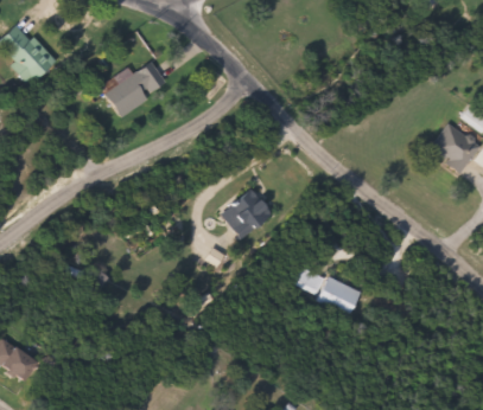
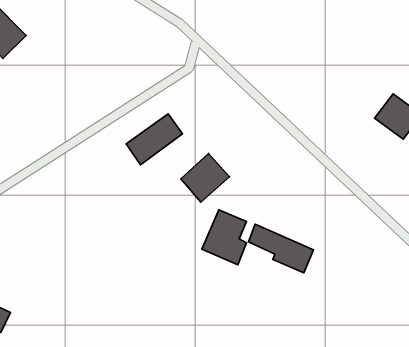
building: [106,62,166,116] -> [126,114,183,165]
building: none -> [202,210,247,265]

